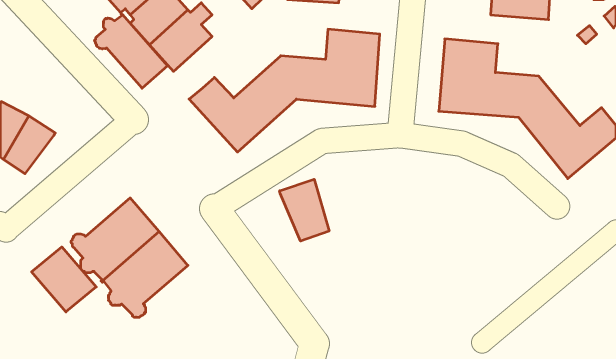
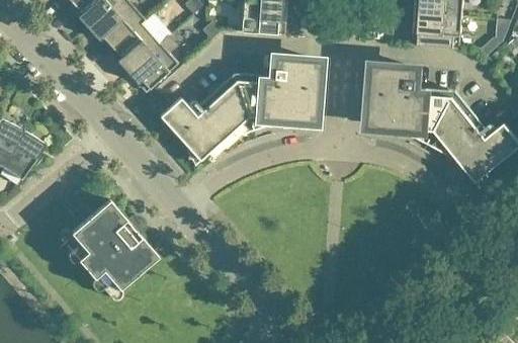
building: [95,14,167,88] -> none
building: [280,179,329,241] -> none
building: [32,247,96,312] -> none

